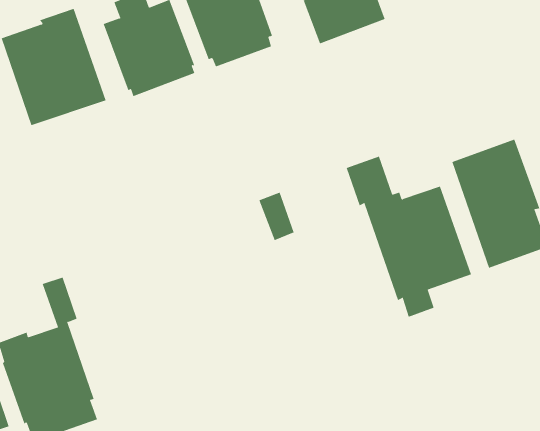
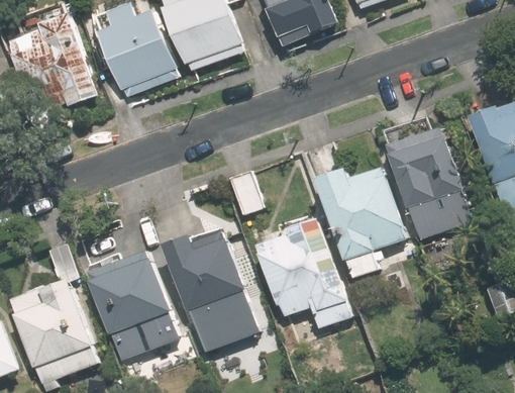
building: none -> [255,220,348,328]
building: none -> [163,232,248,340]
building: none -> [87,253,175,351]

